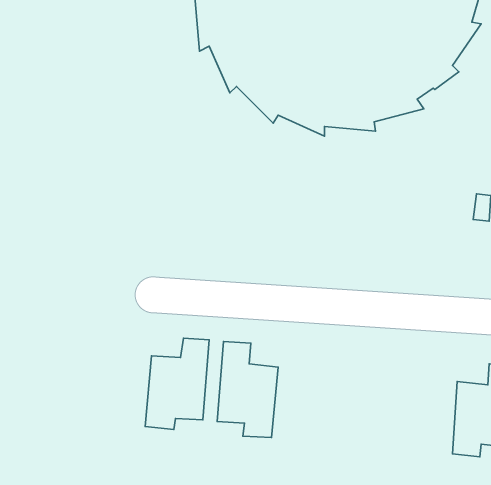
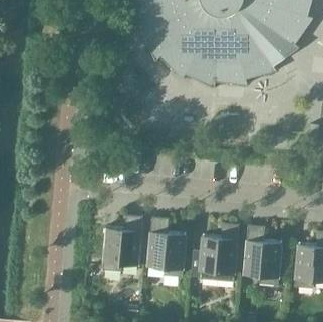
building: none -> [191,223,239,282]
building: none -> [243,225,281,286]

